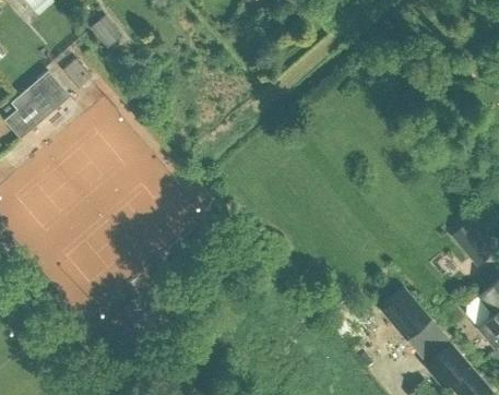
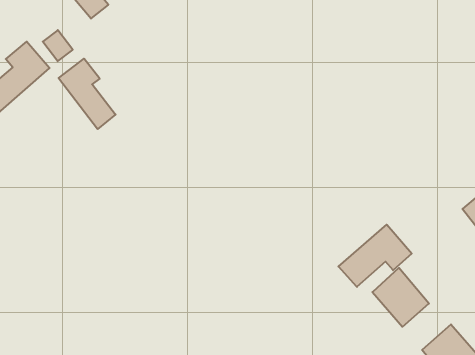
building: none -> [59,59,116,129]
building: none -> [338,225,412,287]

